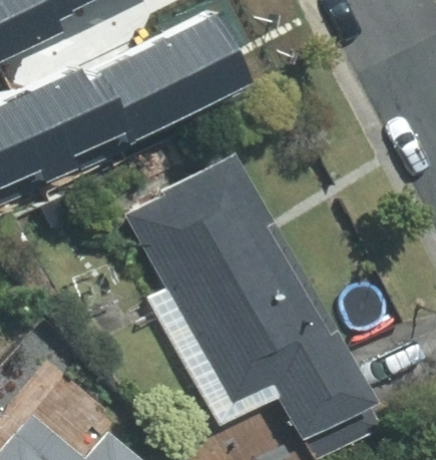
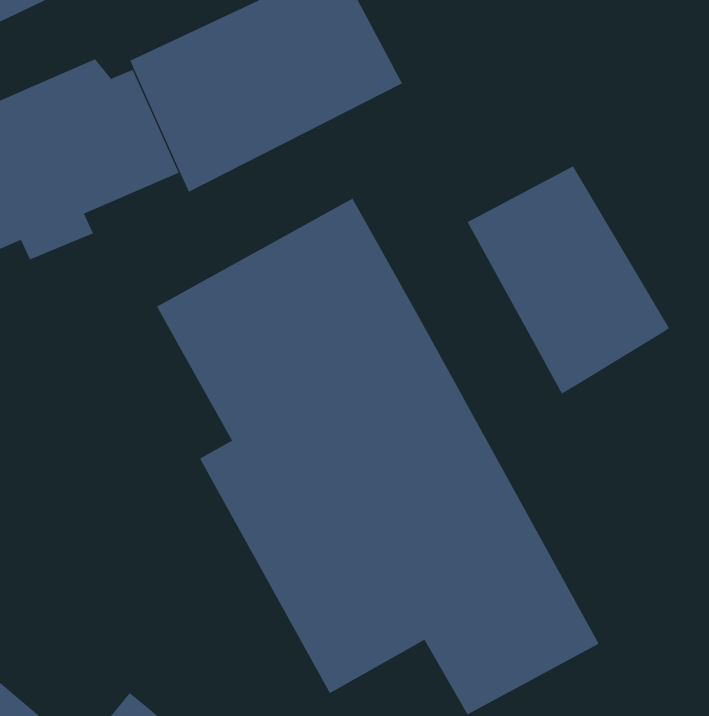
building: none -> [467,166,670,395]

